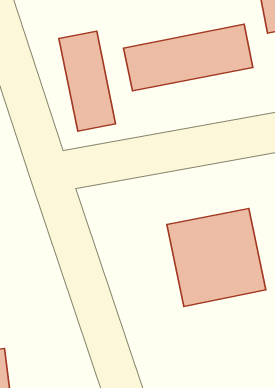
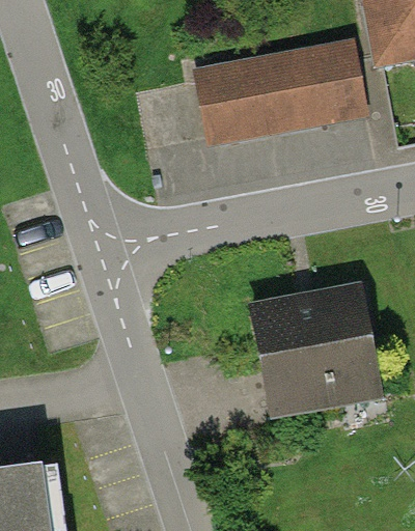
building: [59,31,115,131] -> none

